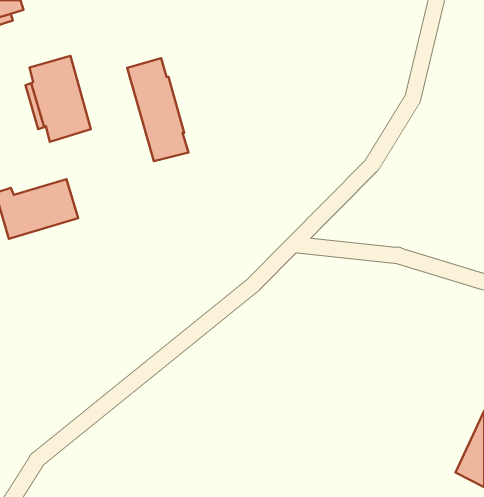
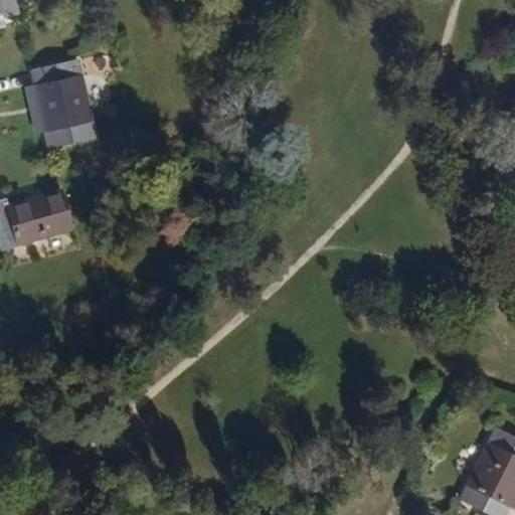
building: [127,58,189,161] -> none

